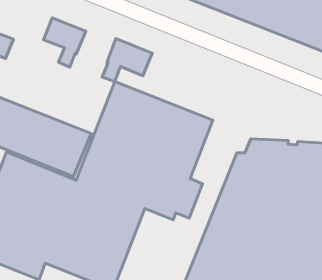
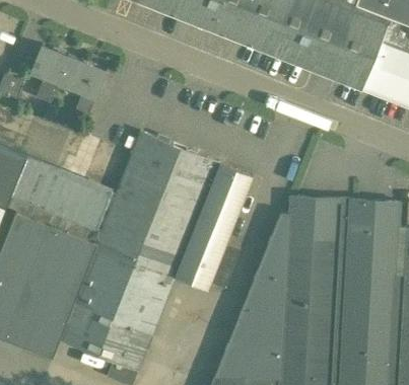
building: none -> [29,47,67,103]
building: [102,38,152,81] -> none

